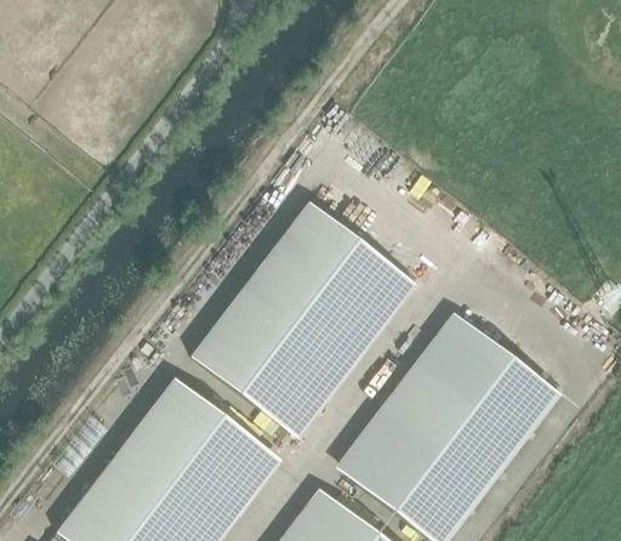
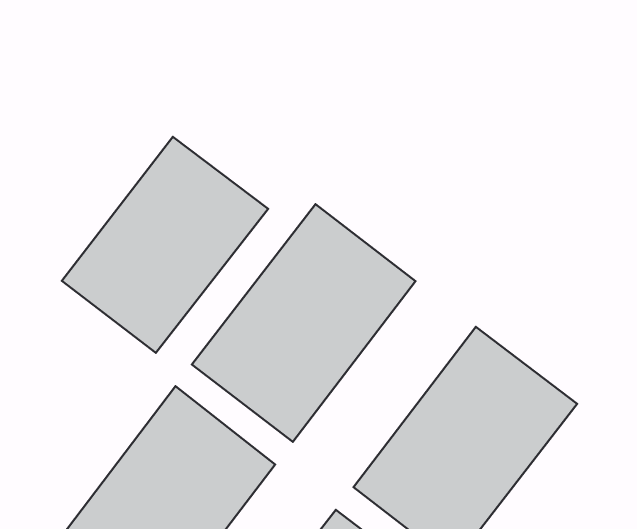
building: none -> [62,137,268,353]

